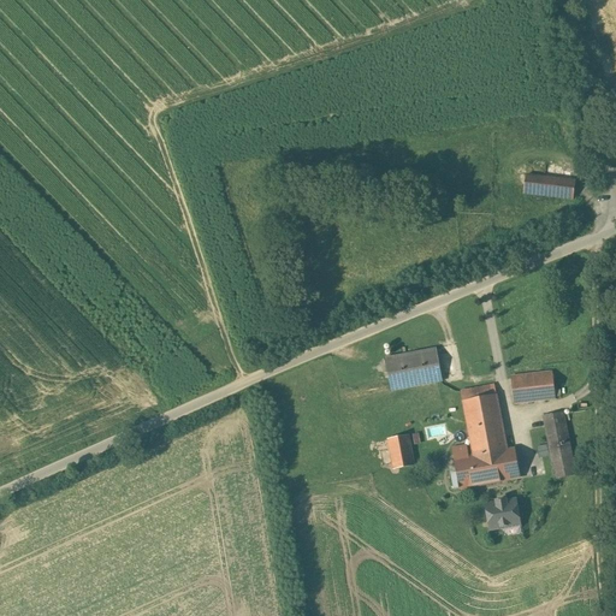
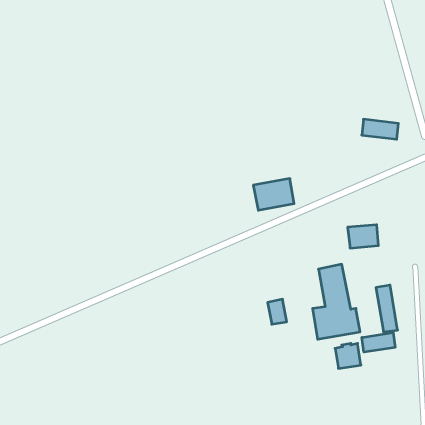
building: [383,344,442,390] -> [253,179,294,210]
building: [509,369,553,403] -> [348,225,378,248]
building: none -> [362,333,395,352]

